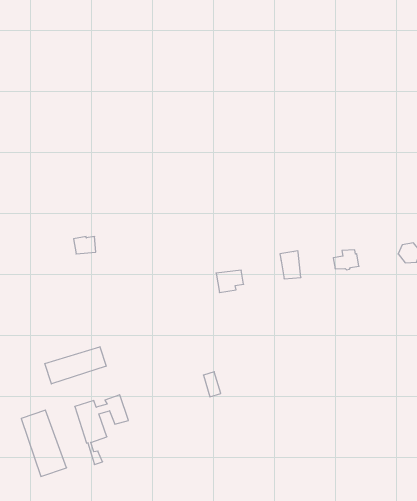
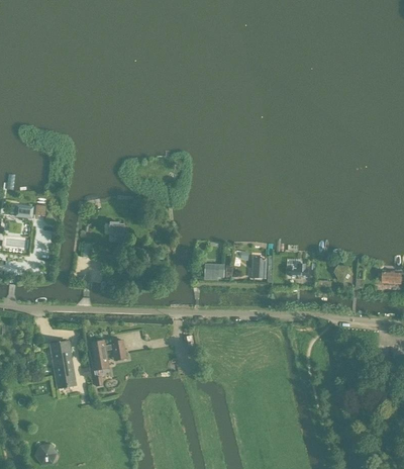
building: [45,347,106,384] -> none

